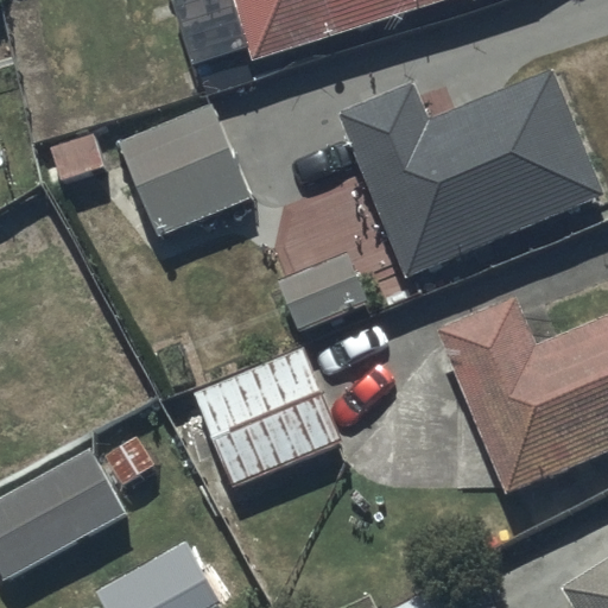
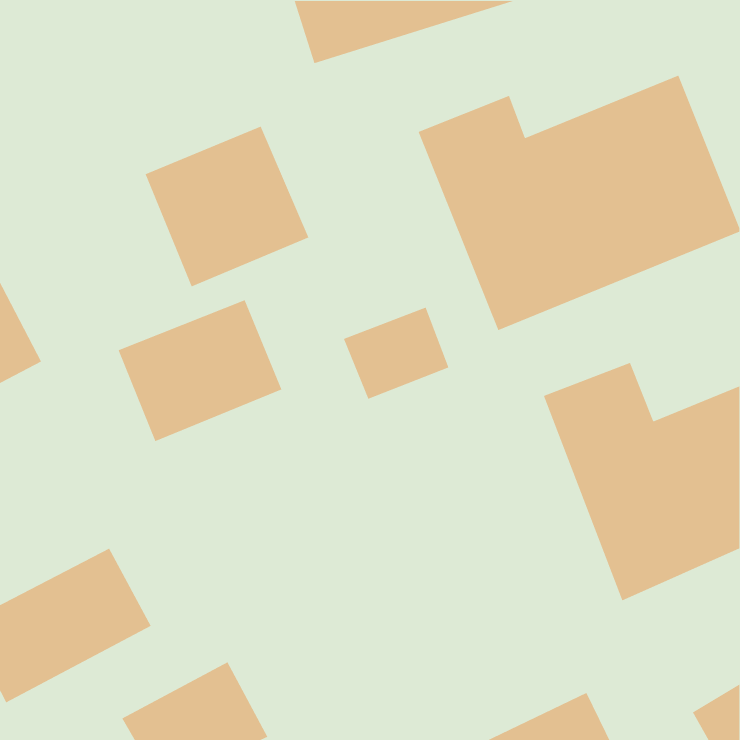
building: none -> [118,299,283,442]
building: [192,349,342,486] -> none

